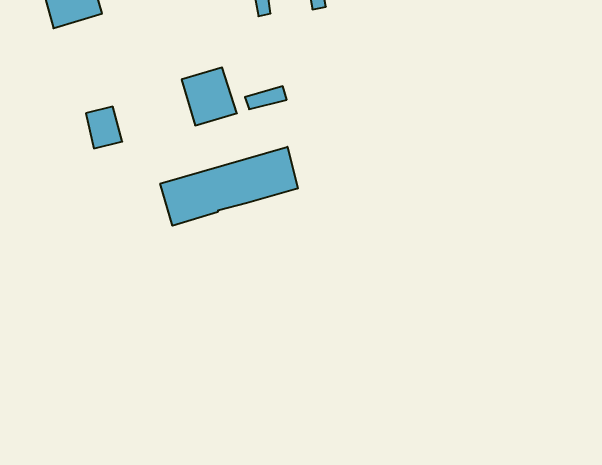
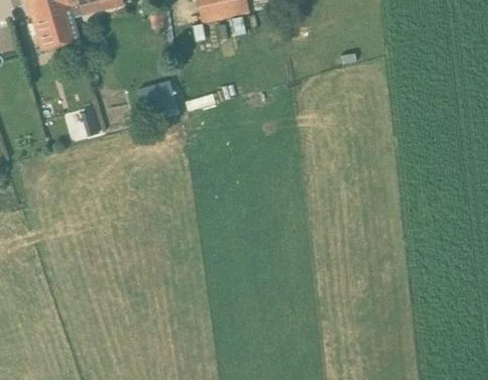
building: [160,147,298,226] -> none

